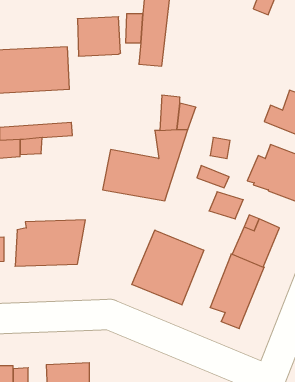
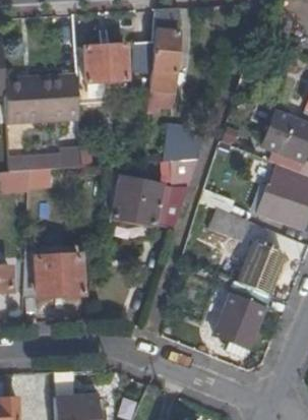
building: [132,230,204,305] -> none

